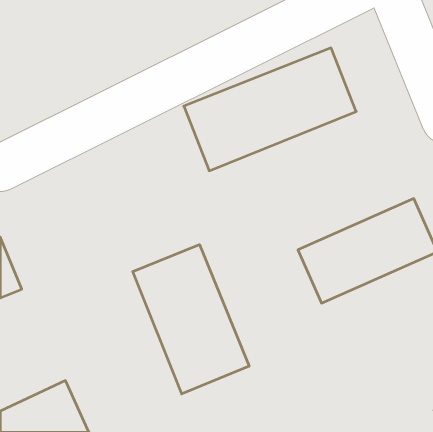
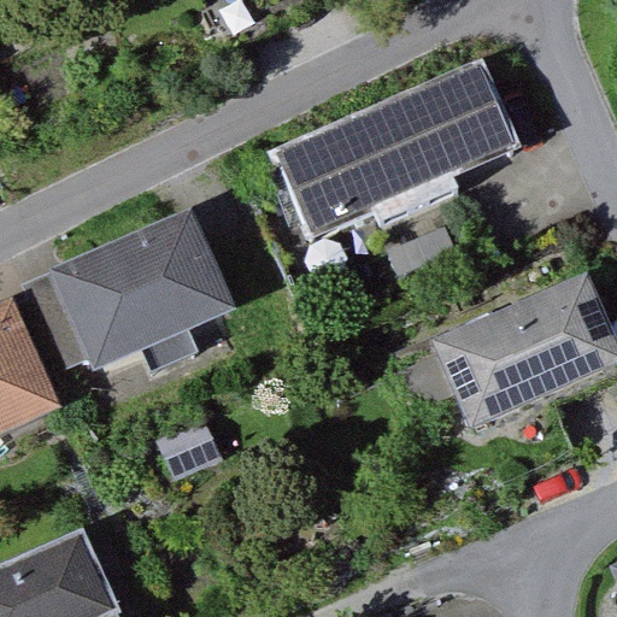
building: none -> [55,221,228,365]
building: [133,245,249,394] -> none

